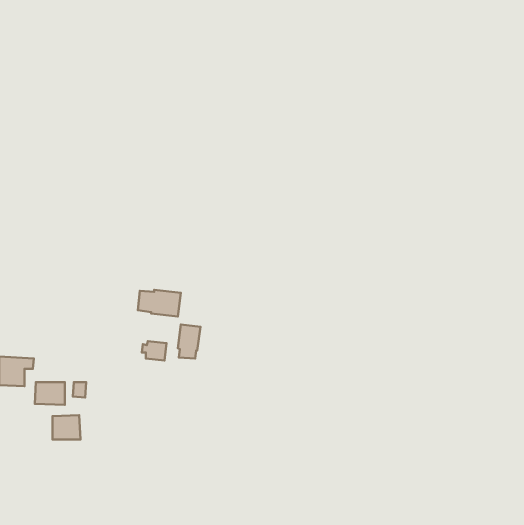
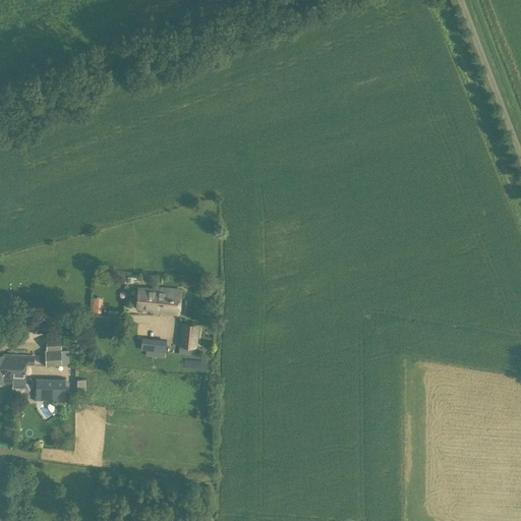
building: none -> [44,338,67,366]
building: [52,415,80,440] -> none

